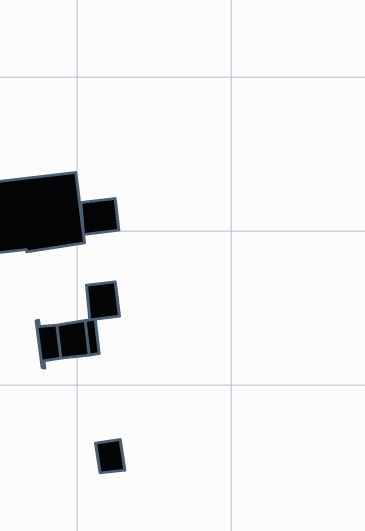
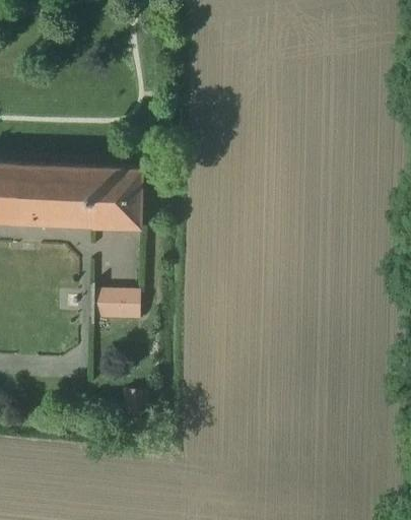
building: [81,199,119,234] -> none
building: [87,282,120,320] -> none

